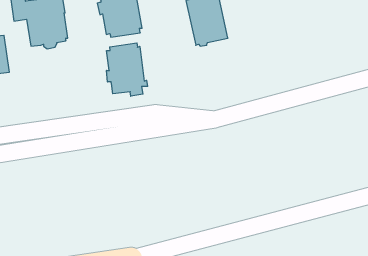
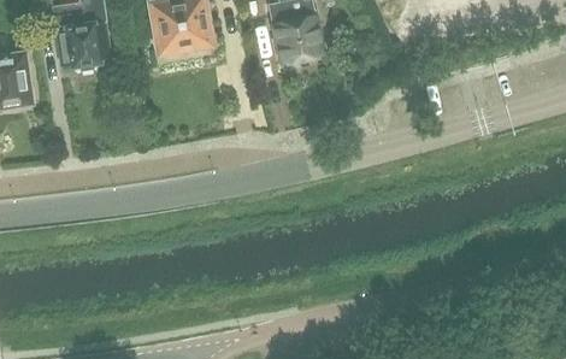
building: [107,43,148,96] -> none

